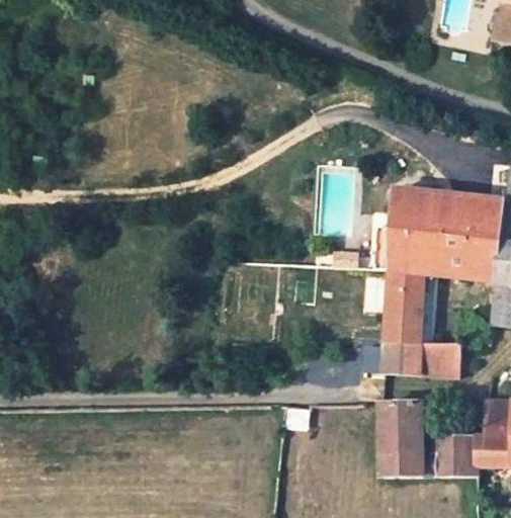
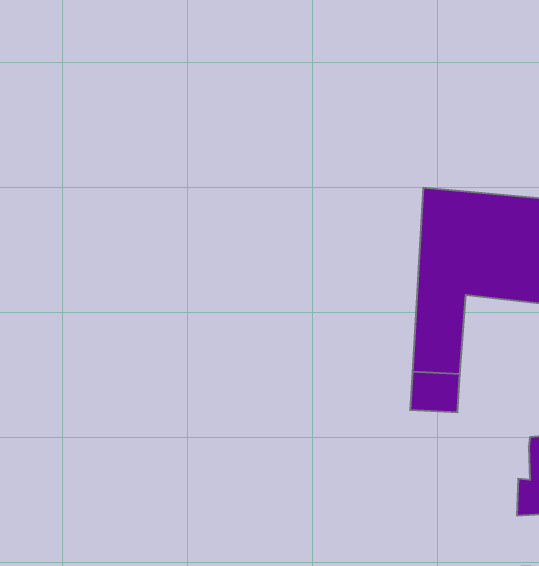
building: [421,345,459,379] -> none
building: [381,401,473,473] -> none

